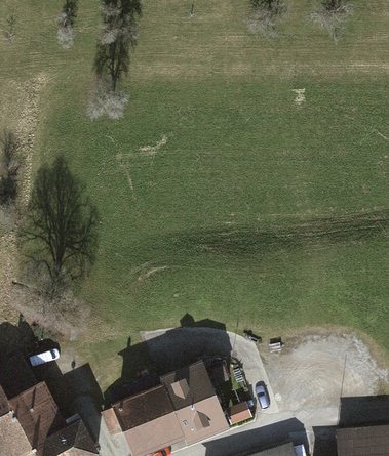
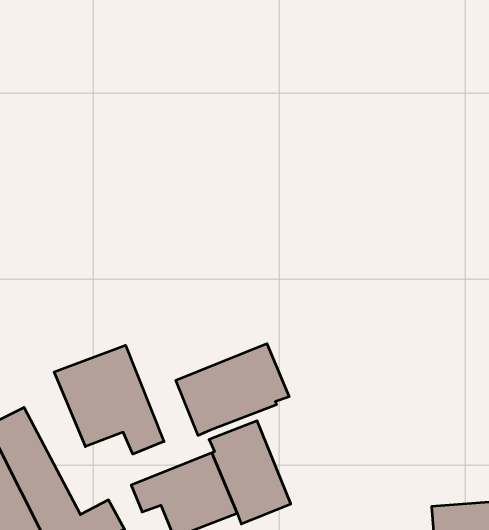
building: none -> [176,344,289,435]
building: none -> [54,345,164,454]

